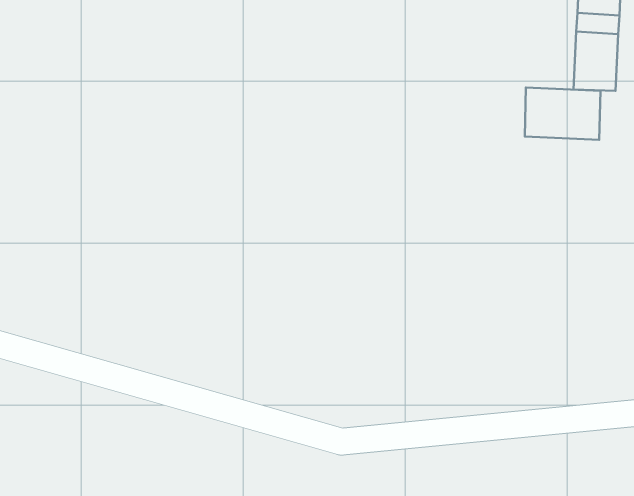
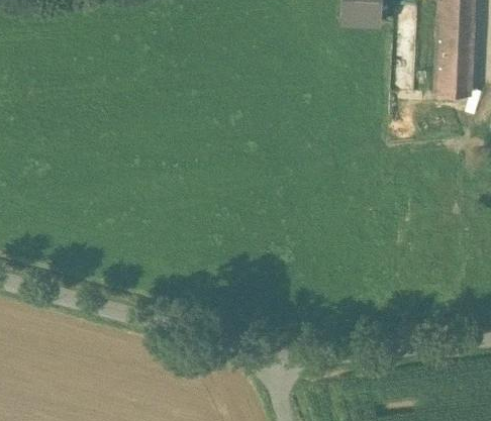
building: [525,87,600,140] -> none

